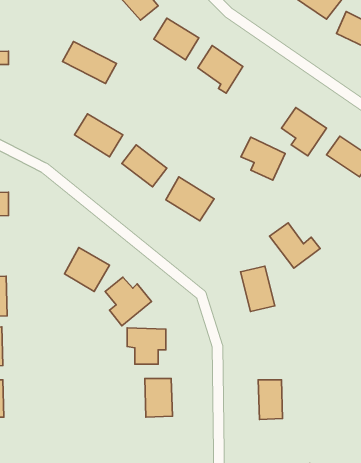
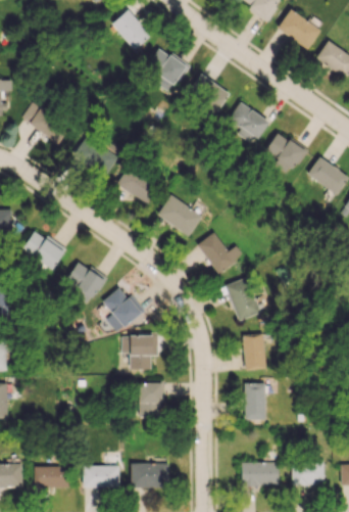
building: [63,42,116,83] -> [20,103,70,142]
building: [241,137,285,180] -> [228,103,268,143]
building: none -> [21,231,66,270]
building: [269,223,320,268] -> [196,232,243,274]
building: none -> [243,335,264,369]

